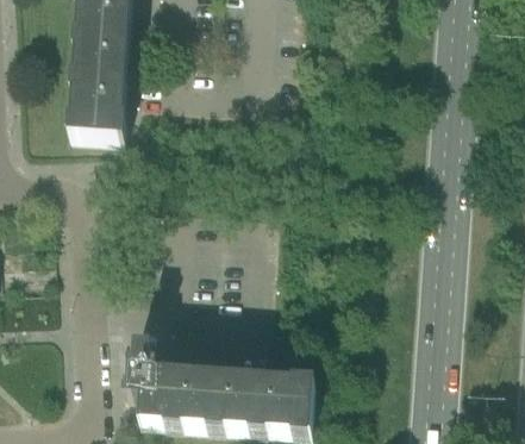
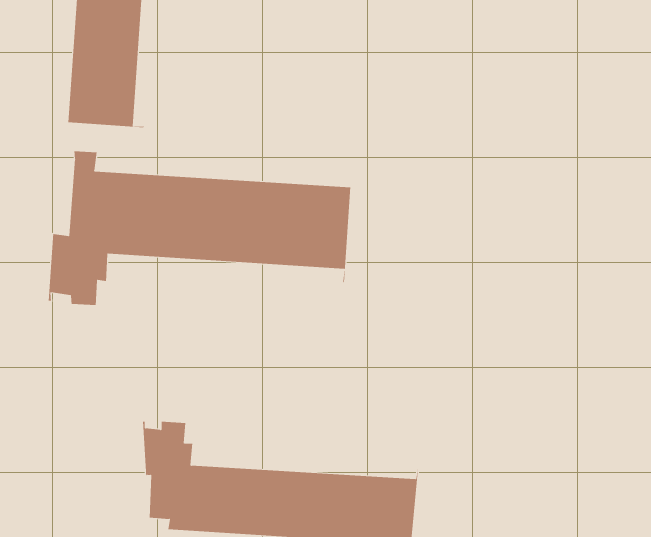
building: none -> [48,151,351,306]

